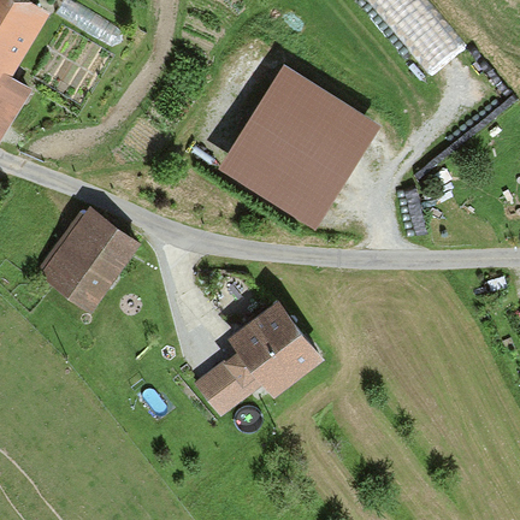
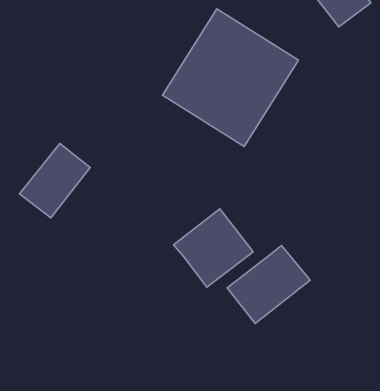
building: none -> [227,245,310,323]
building: [200,358,264,419] -> none

